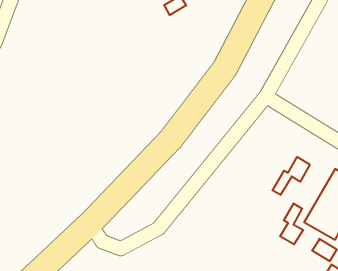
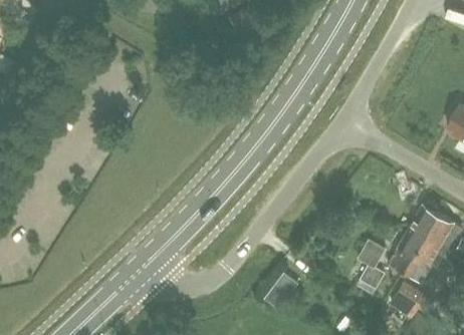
building: [272,157,310,195] -> none
building: none -> [266,271,300,309]

